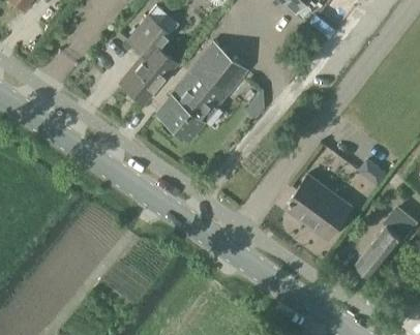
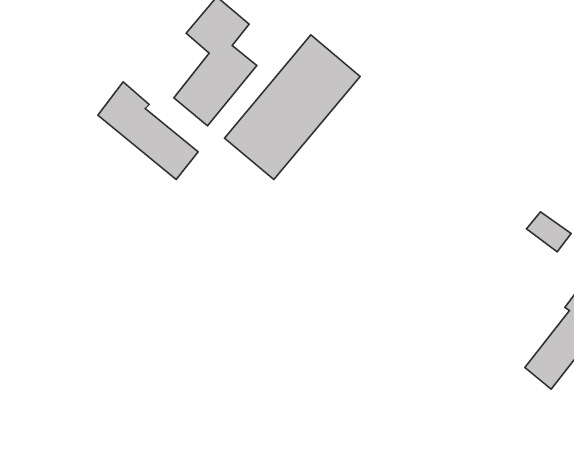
building: none -> [98,82,198,180]
building: [284,175,351,236] -> none

